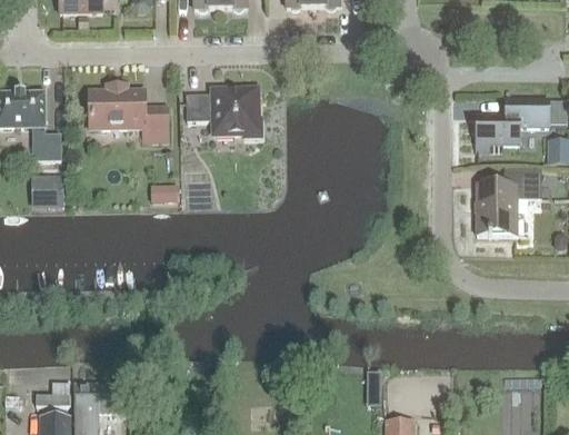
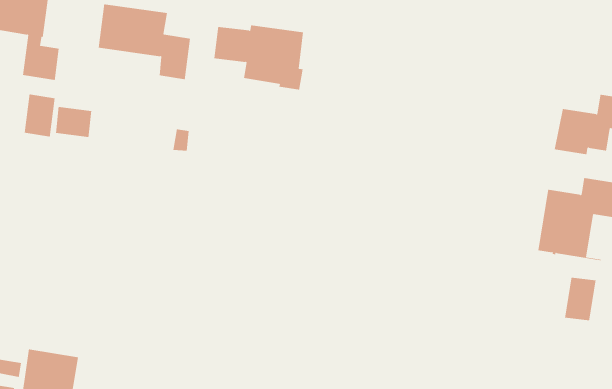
building: none -> [56,106,92,138]
building: none -> [564,277,596,321]

